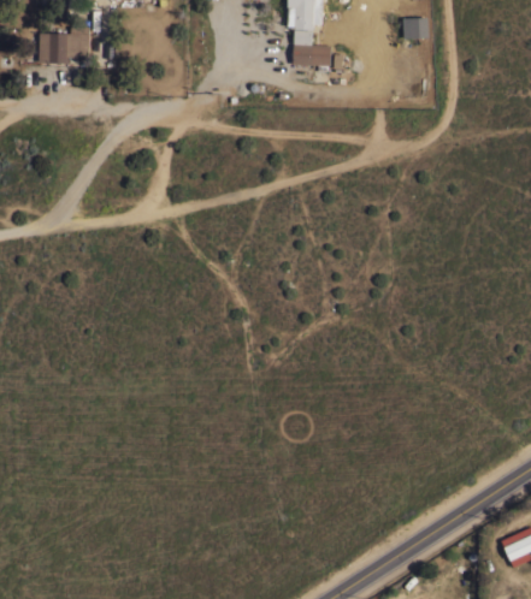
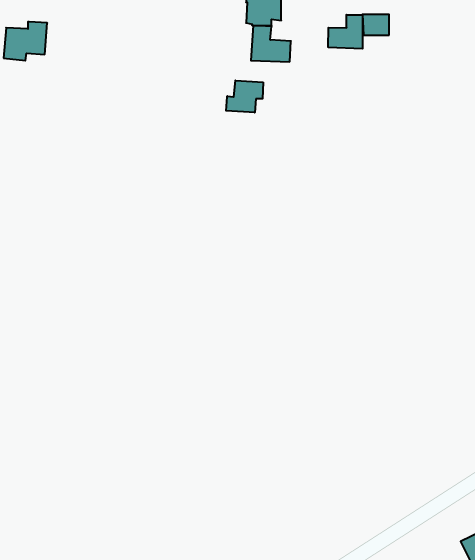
building: none -> [328,15,363,49]
building: none -> [226,80,263,113]

